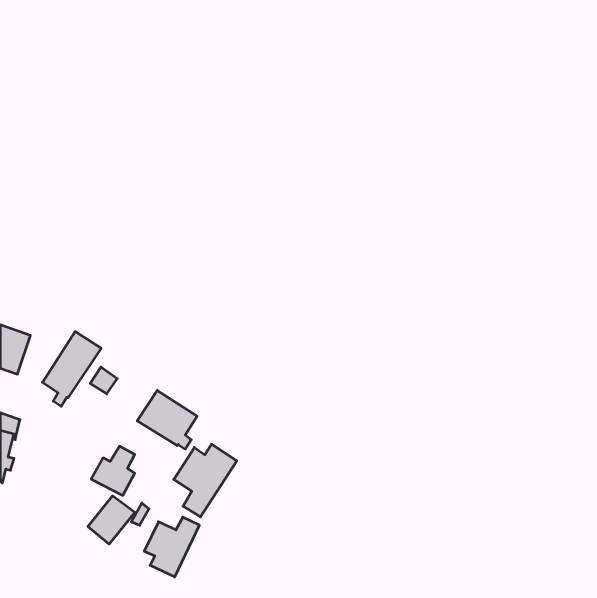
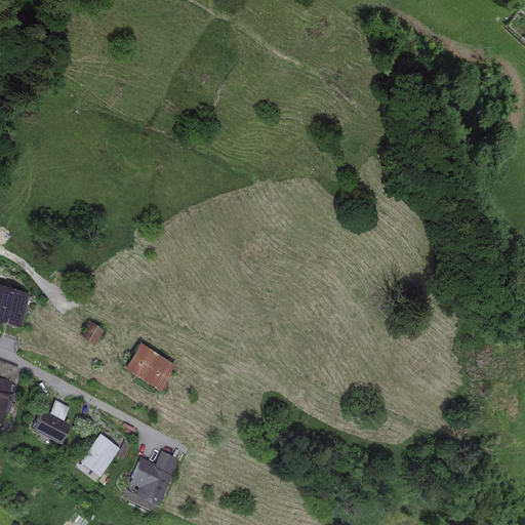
building: [42,332,101,406] -> none
building: [174,444,237,517] -> none
building: [91,446,135,495] -> [31,401,69,444]

